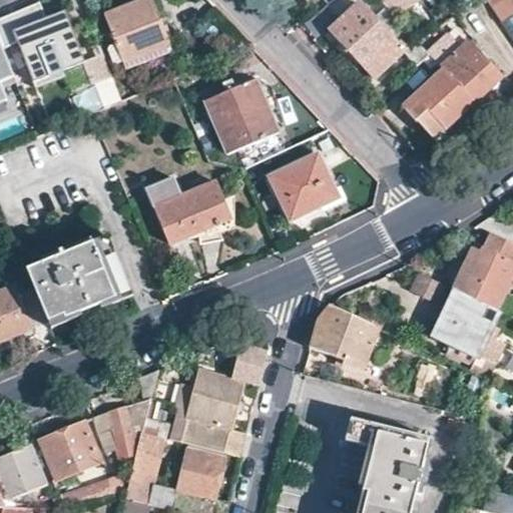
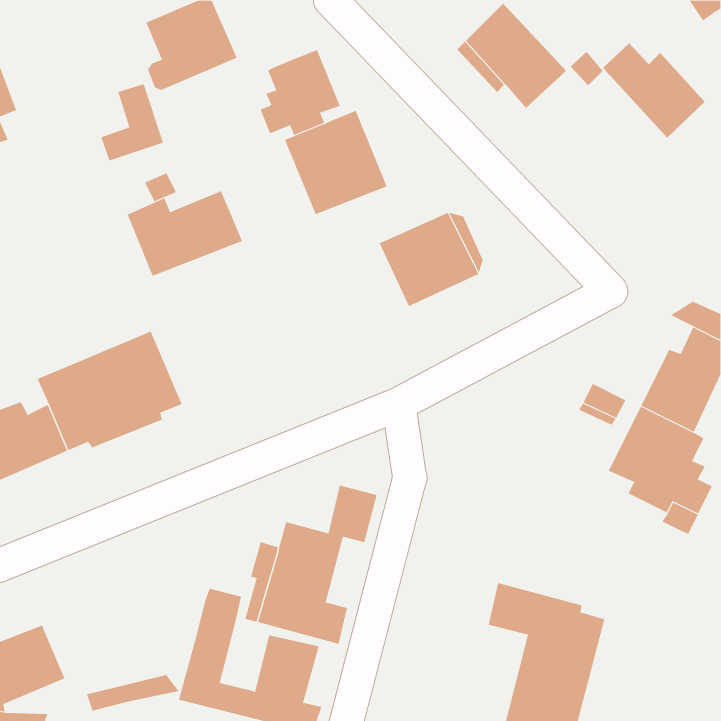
building: [11,10,82,80] -> none
building: none -> [260,49,341,136]
building: [401,66,474,138] -> none
building: [149,180,231,241] -> [127,190,243,277]
building: [311,305,372,369] -> none
building: [92,368,161,456] -> none
building: [42,422,102,479] -> none

